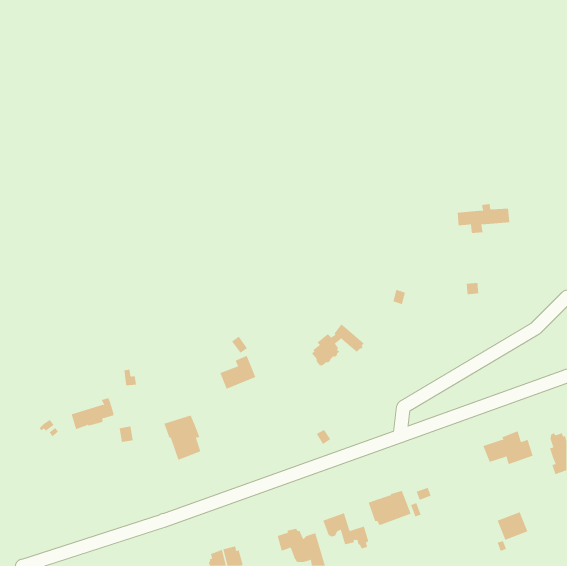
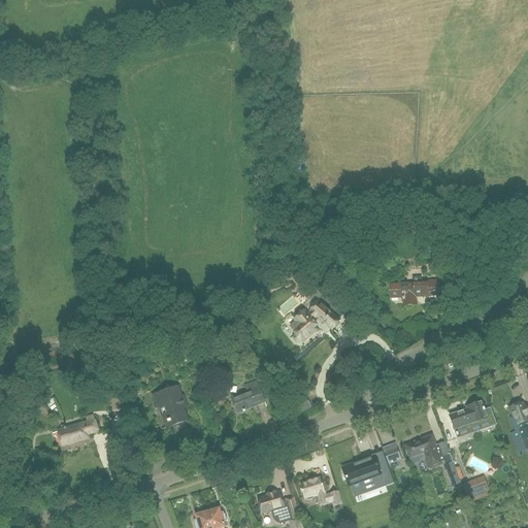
building: [457,204,510,234] -> [390,275,439,303]
building: [219,355,256,389] -> [230,380,264,411]
building: [71,398,114,430] -> [57,414,97,443]
building: none -> [404,433,456,476]

